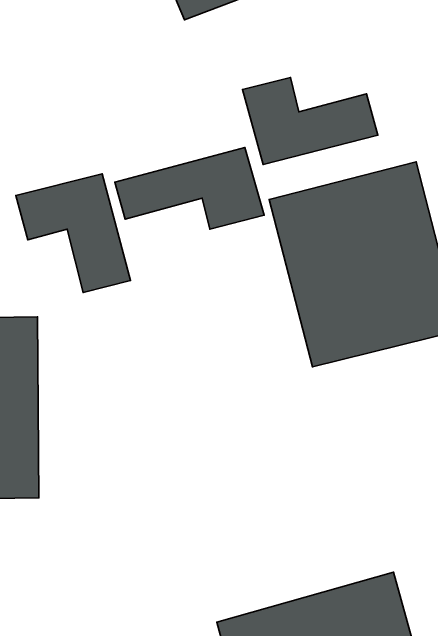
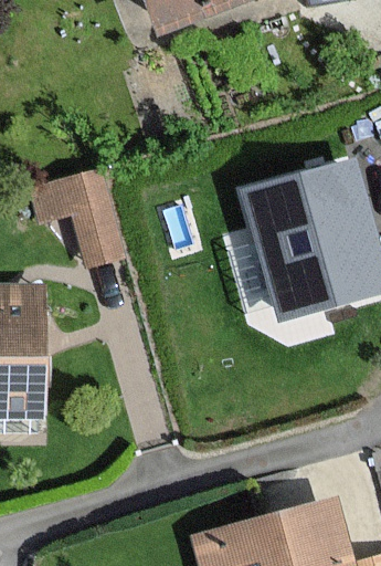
building: [242,77,378,165] -> none
building: [115,148,264,229] -> none

